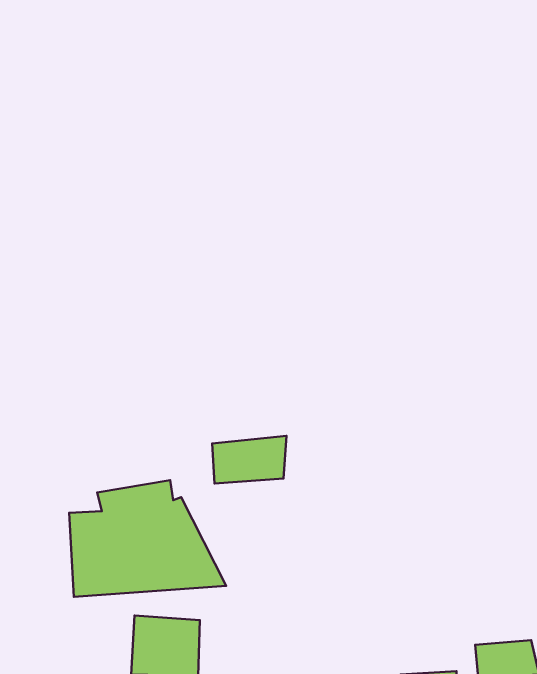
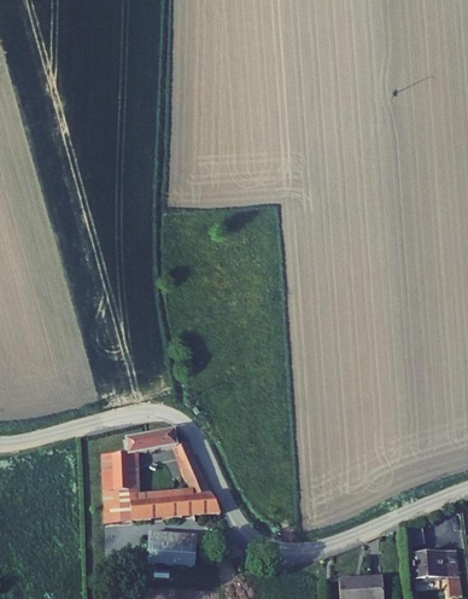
building: [212,436,287,484] -> none

